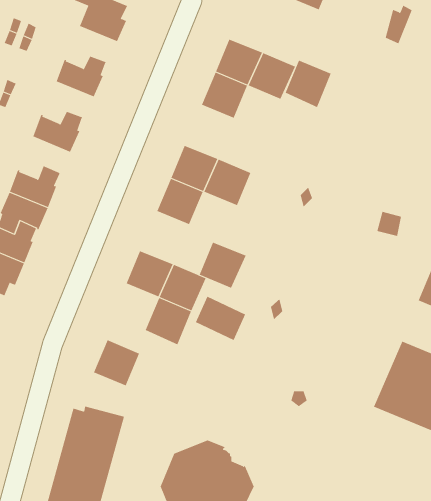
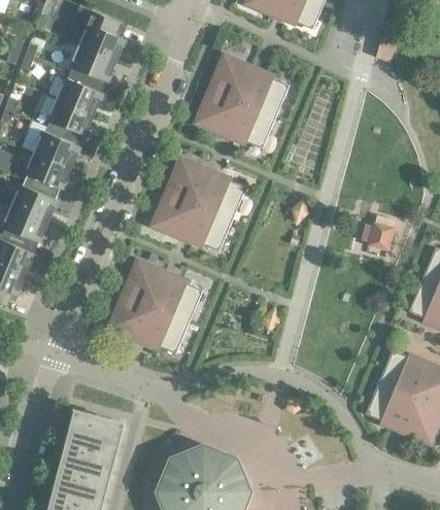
building: none -> [66,44,115,86]
building: [285,60,331,108] -> [229,102,274,148]
building: none -> [43,98,93,139]
building: none -> [21,151,70,193]
building: [199,242,247,289] -> [185,205,232,250]
building: [195,296,246,341] -> none
building: [93,340,140,386] -> [110,294,156,339]

